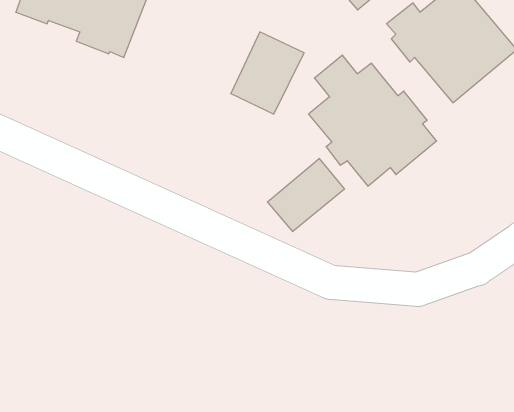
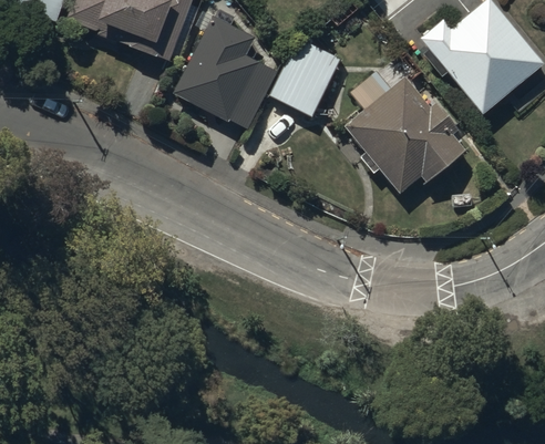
building: none -> [173,18,277,131]
building: [268,158,345,232] -> none

